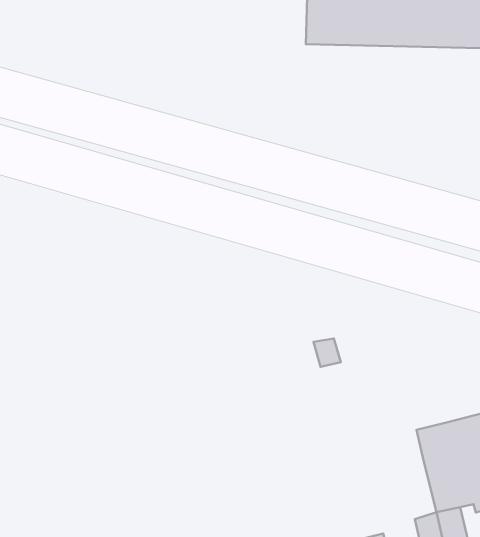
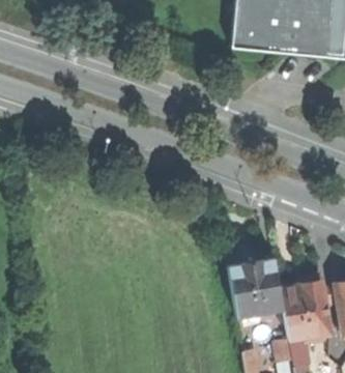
building: none -> [228,257,284,316]

